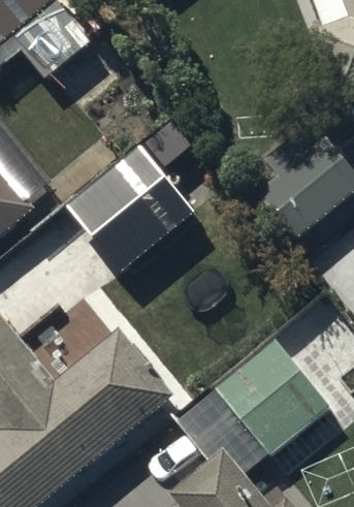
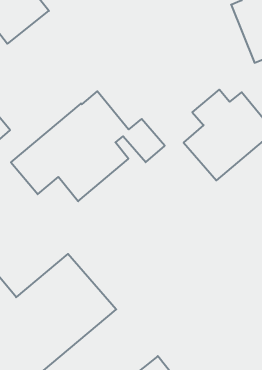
building: [215,337,330,455] -> none

